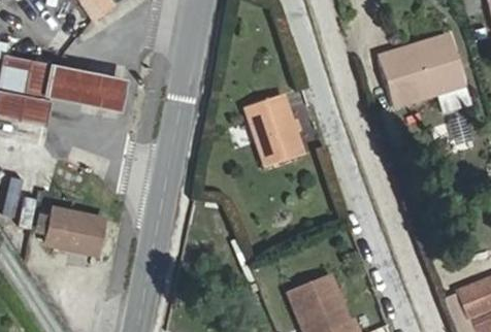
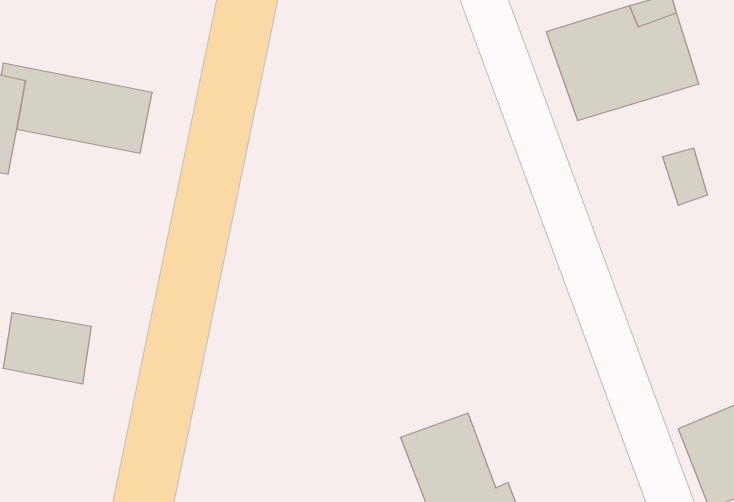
building: [250,92,304,162] -> none

